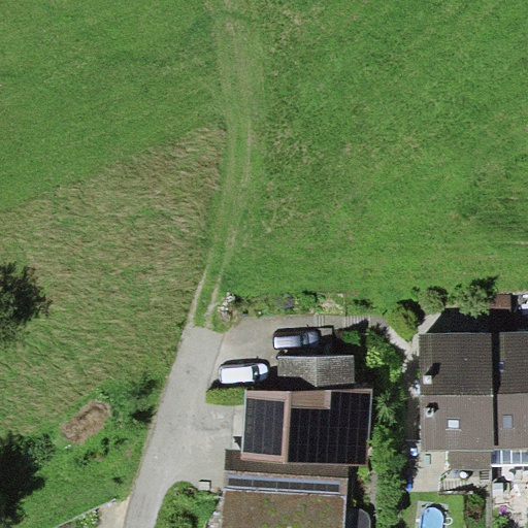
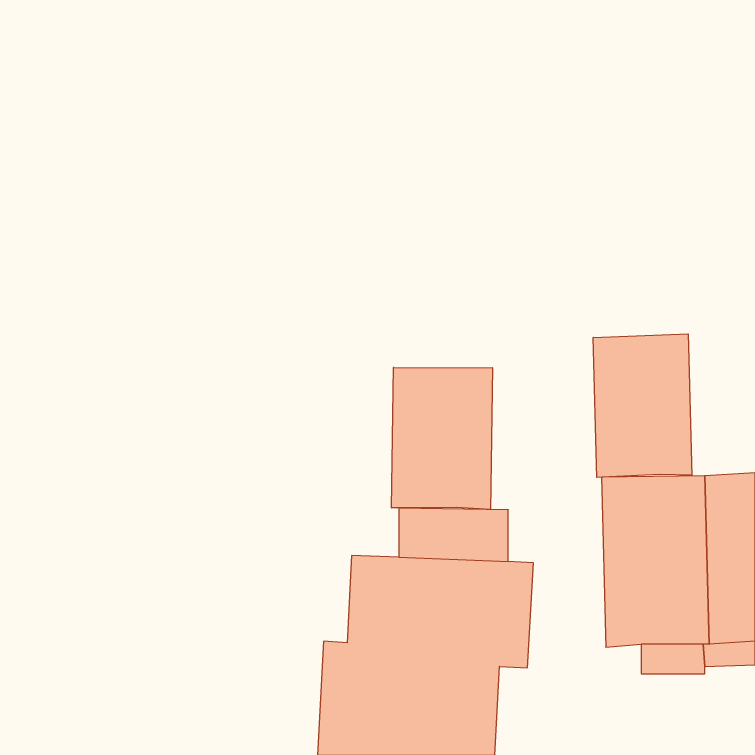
building: none -> [593,334,692,477]
building: none -> [392,367,492,509]

